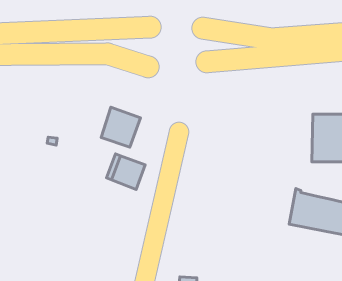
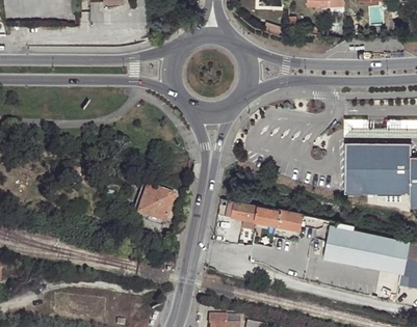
building: [101,107,141,147] -> none
building: none -> [232,201,305,231]

